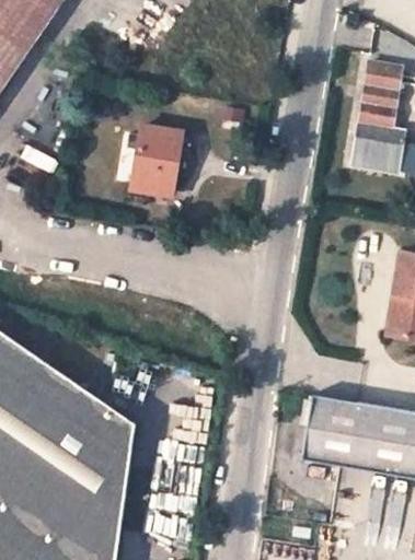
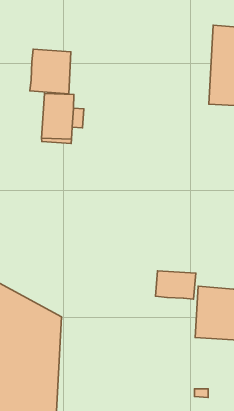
building: none -> [30,49,71,94]
building: none -> [155,271,196,299]

